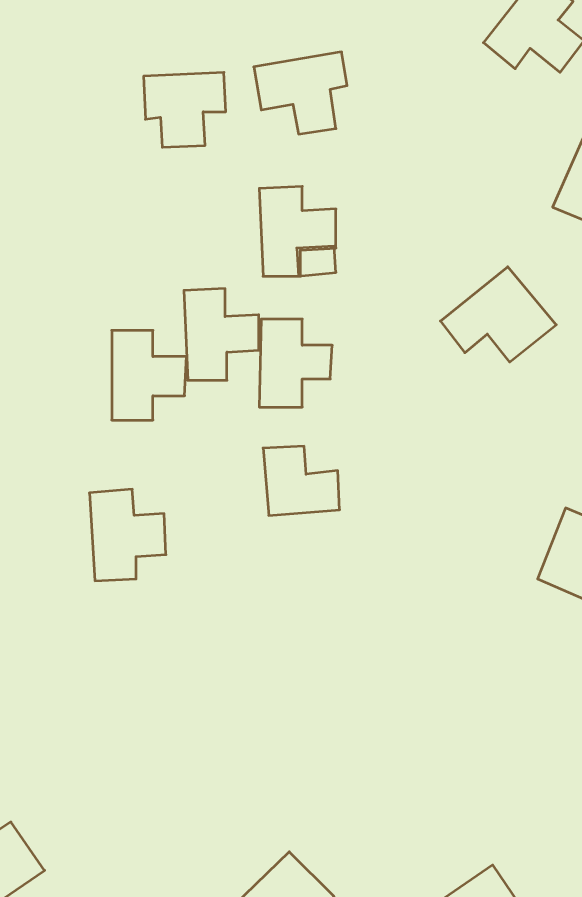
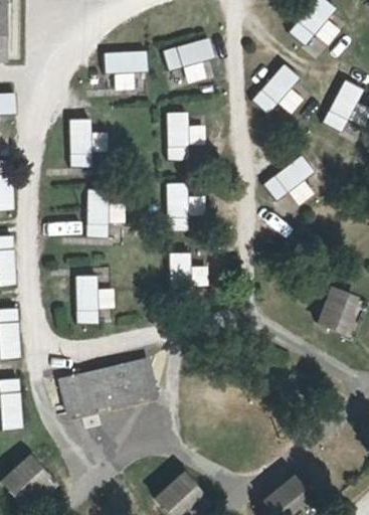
building: none -> [261,63,306,115]
building: [184,289,259,380] -> [68,118,109,167]
building: none -> [70,365,142,414]

